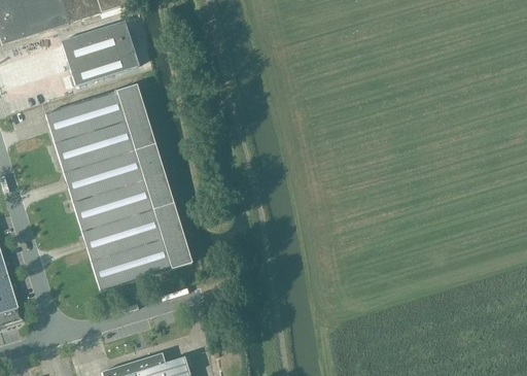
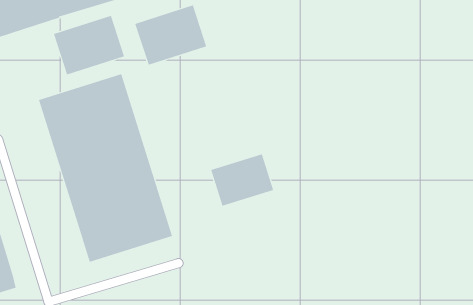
building: none -> [135,4,207,66]
building: none -> [210,154,274,207]

